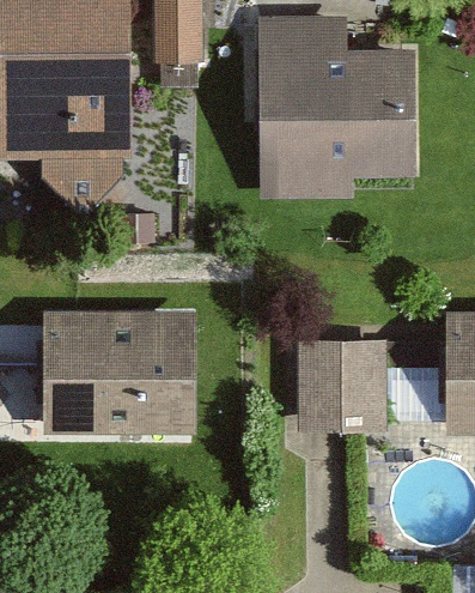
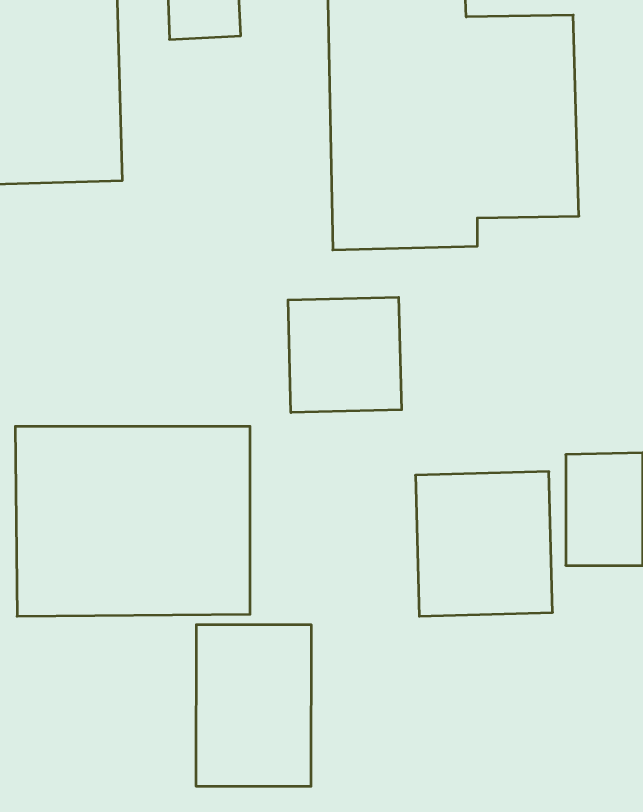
building: none -> [288,297,402,413]
building: none -> [196,625,311,786]

